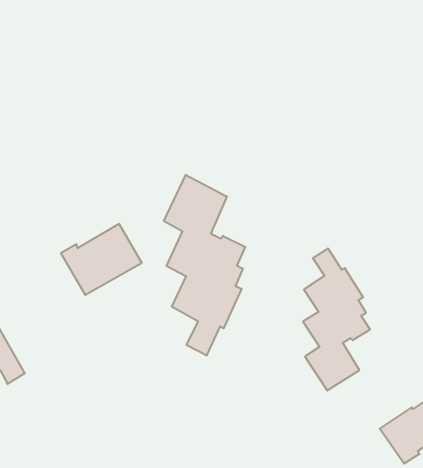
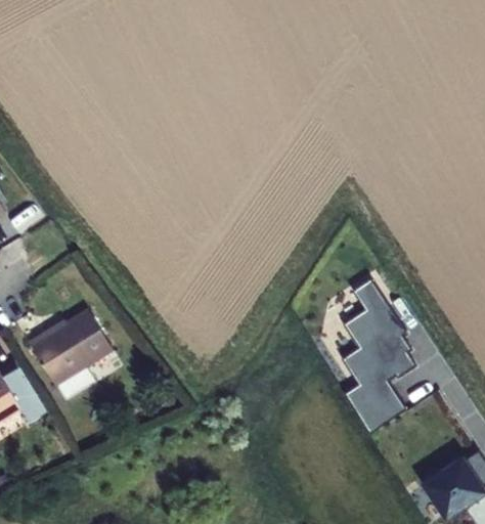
building: [164,175,245,356] -> none
building: [61,224,142,295] -> [30,311,115,386]

